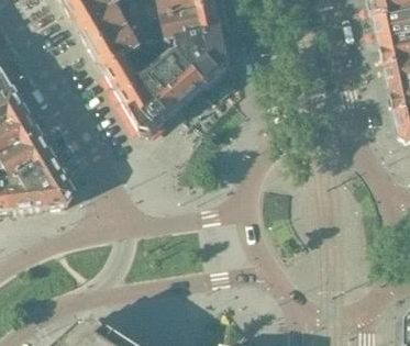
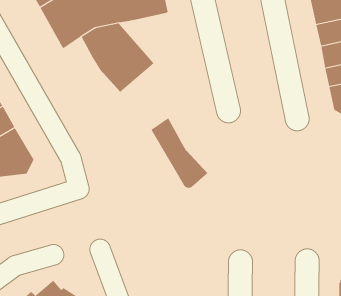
building: [165,30,225,85] -> none
building: [103,56,166,133] -> [150,118,208,188]

